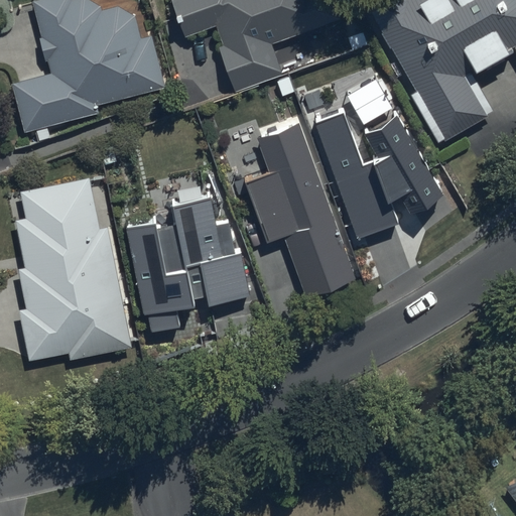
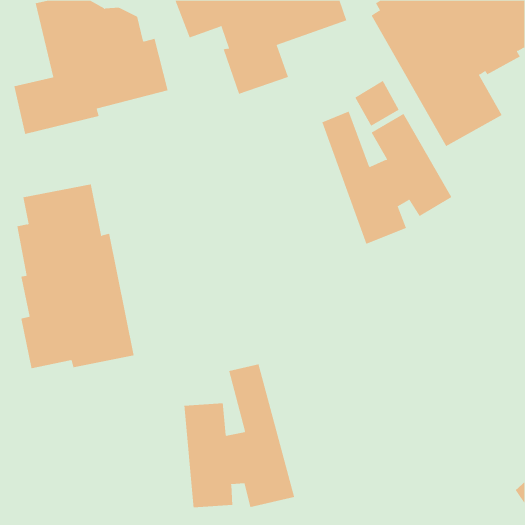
building: [244,122,357,297] -> none
building: [125,195,248,332] -> none
building: none -> [184,364,295,508]

